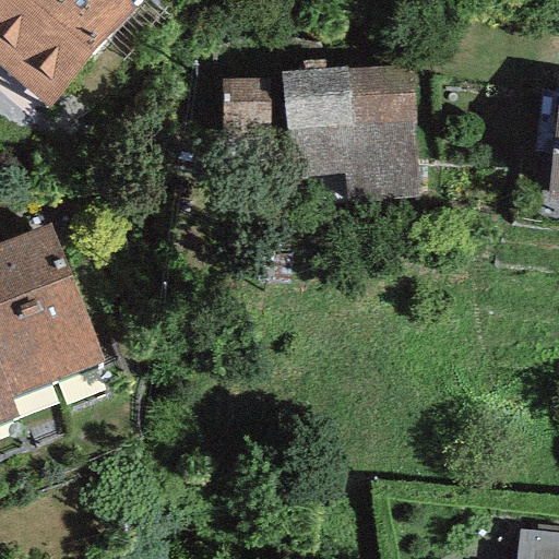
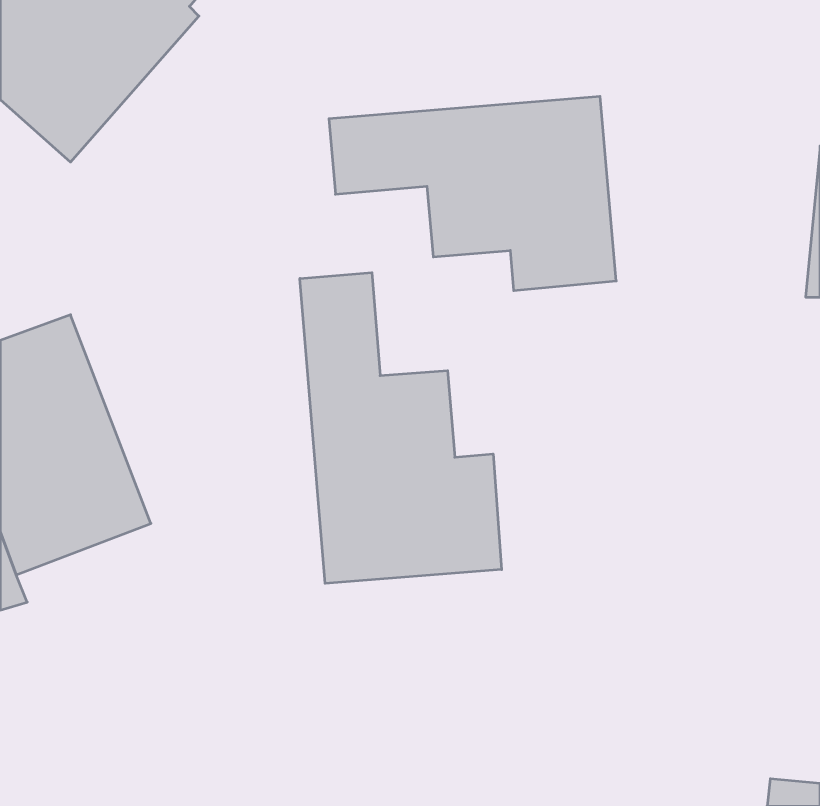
building: none -> [300,273,502,583]

